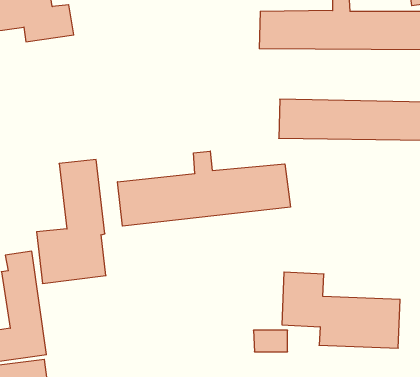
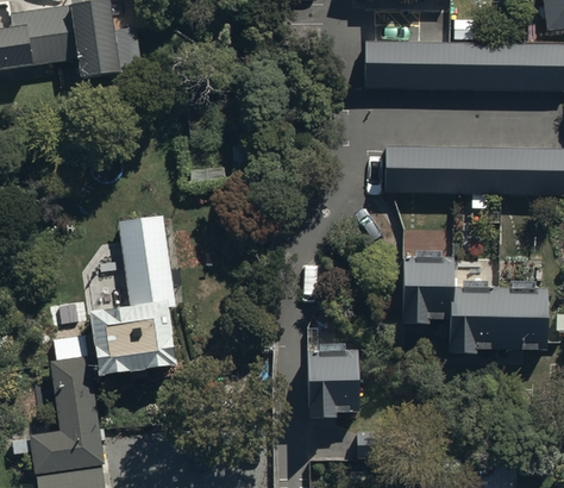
building: [118,151,290,226] -> none
building: none -> [307,351,359,413]
building: [282,272,400,348] -> [402,256,546,349]

